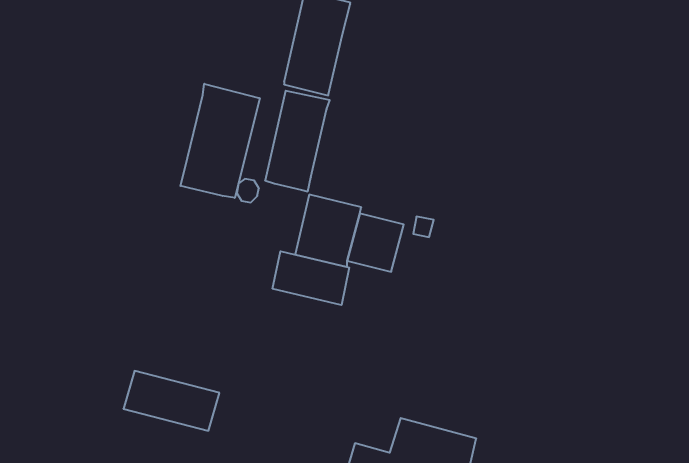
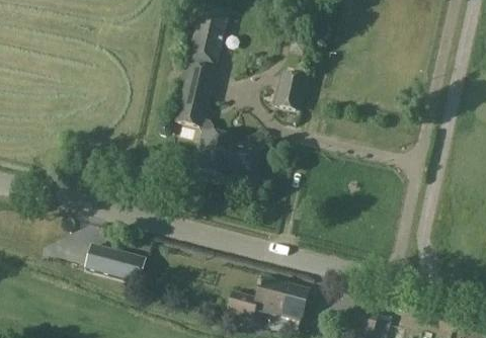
building: [180,84,260,198] -> none
building: none -> [273,70,308,111]
building: [273,251,349,305] -> none

